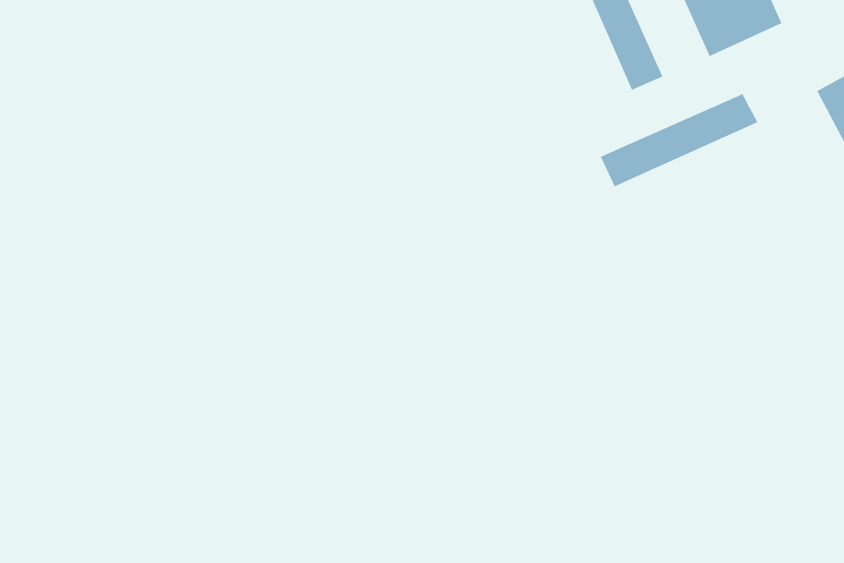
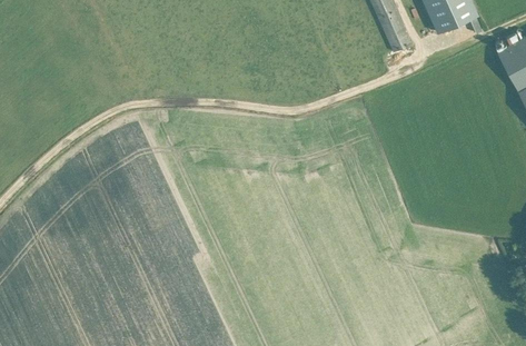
building: [600,93,758,187] -> none

